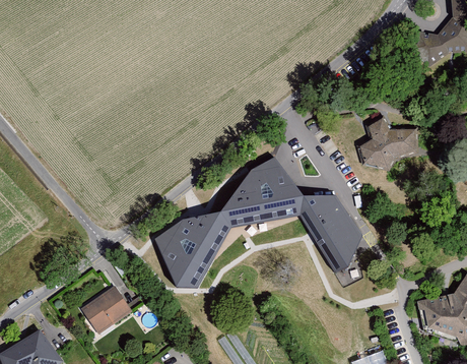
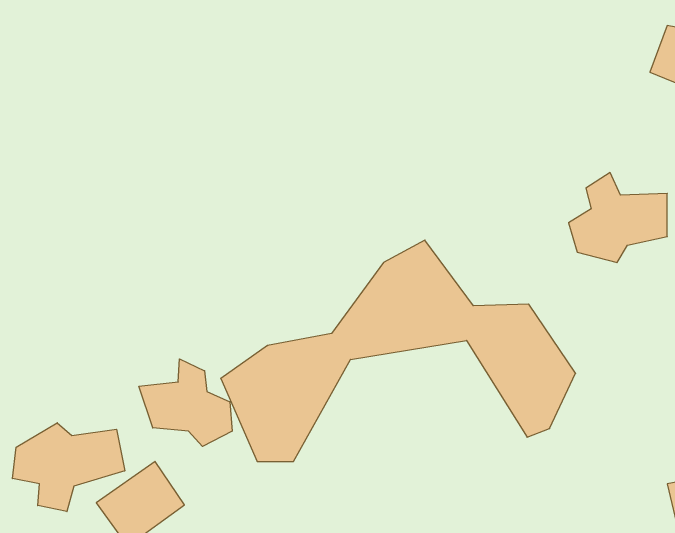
building: none -> [139,359,232,446]
building: none -> [12,423,125,512]

